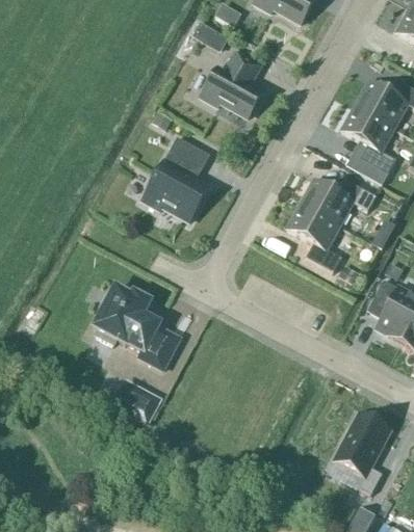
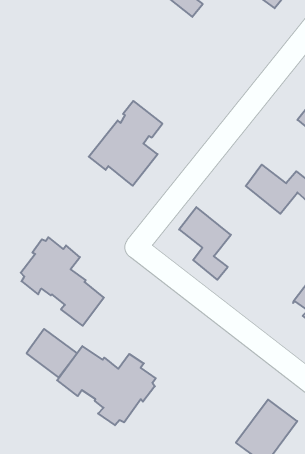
building: [202,52,262,118] -> none
building: [288,205,342,273] -> [179,207,231,280]
building: none -> [57,346,156,425]

